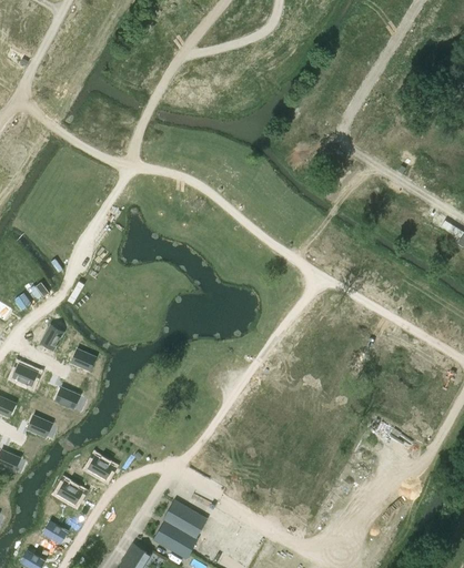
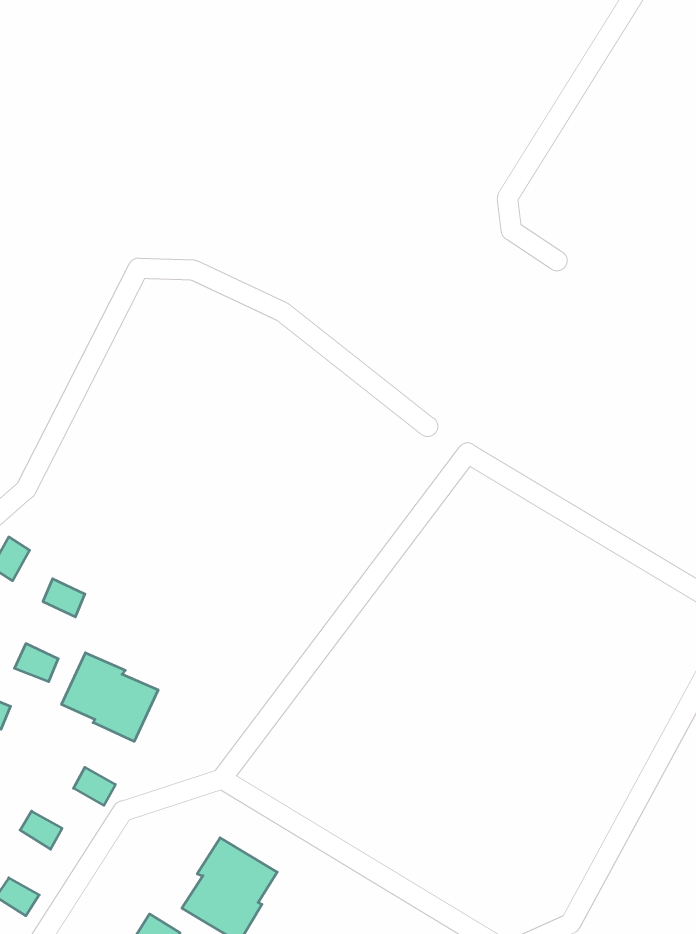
building: none -> [62,653,158,741]

